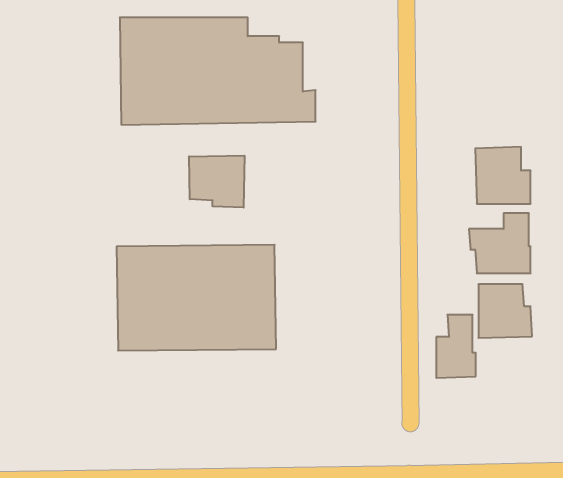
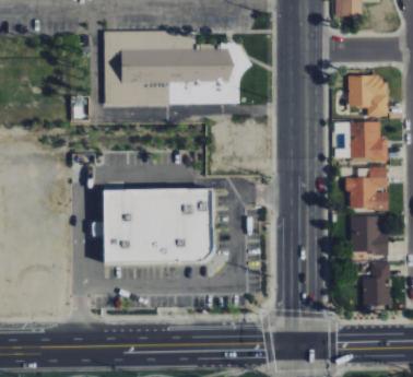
building: none -> [349,75,388,117]
building: [189,156,244,208] -> none
building: [436,315,476,378] -> [364,262,391,306]

